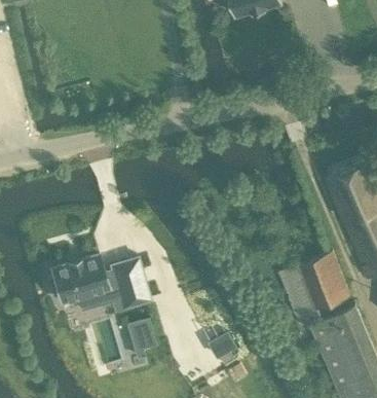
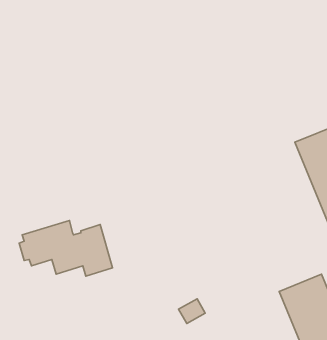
building: [279,252,350,326] -> none
building: [128,319,156,358] -> none

